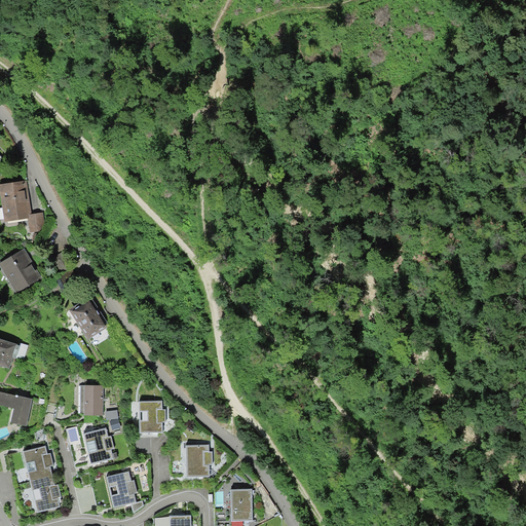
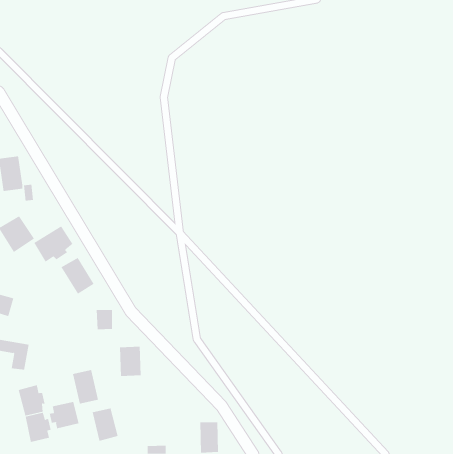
building: none -> [33,226,73,263]
building: [83,392,103,416] -> [96,309,113,330]
building: [185,442,209,478] -> none
building: none -> [49,401,79,429]

